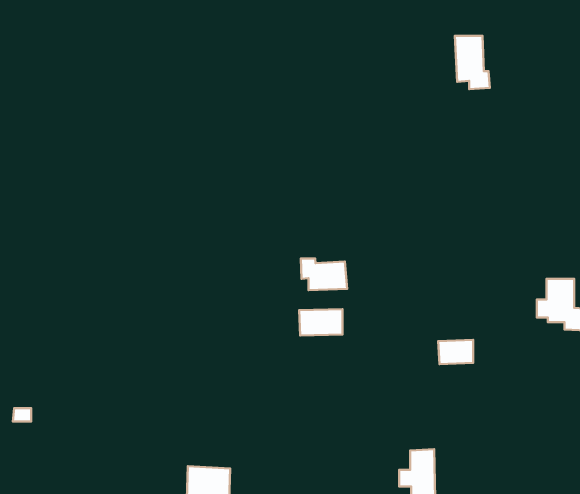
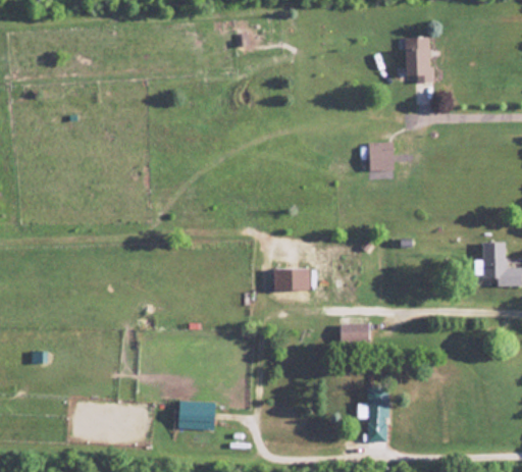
building: none -> [368,143,394,171]
building: [301,258,347,290] -> none
building: [438,340,473,364] -> [340,324,369,345]

